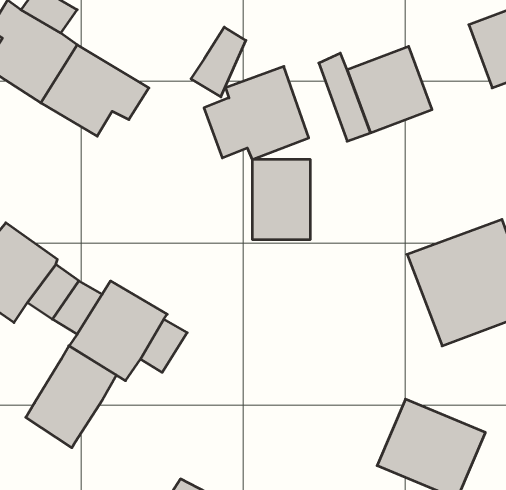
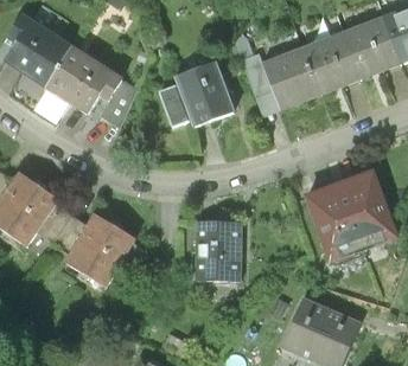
building: none -> [306,31,365,91]
building: [191,27,246,97] -> [97,76,136,126]
building: [252,160,310,239] -> [199,221,241,278]
building: [26,346,116,448] -> none

